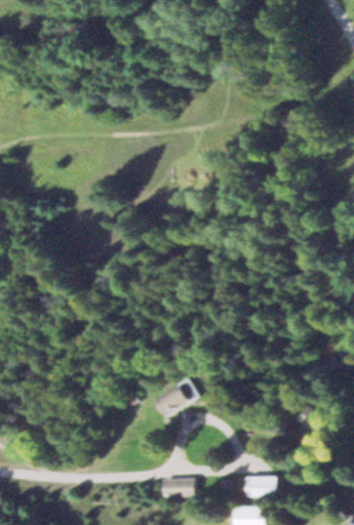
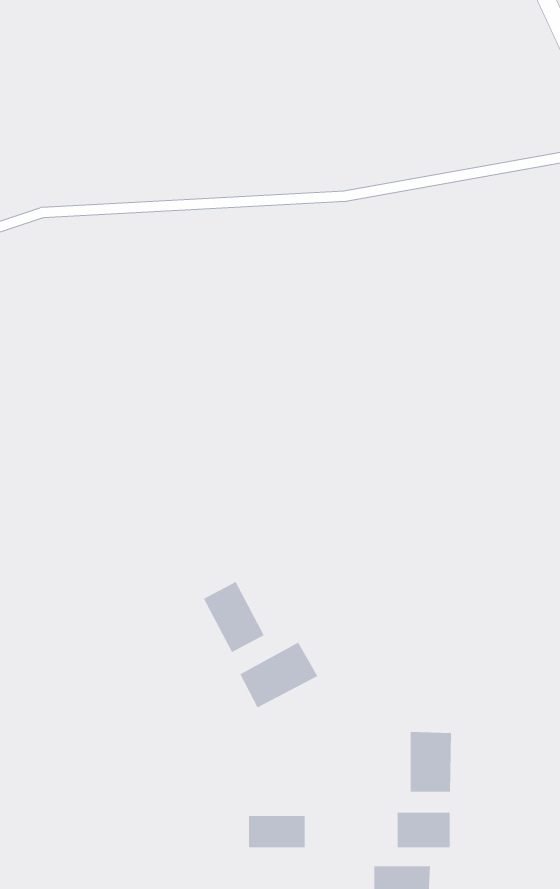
building: none -> [203,581,265,653]
building: none -> [410,731,451,792]

